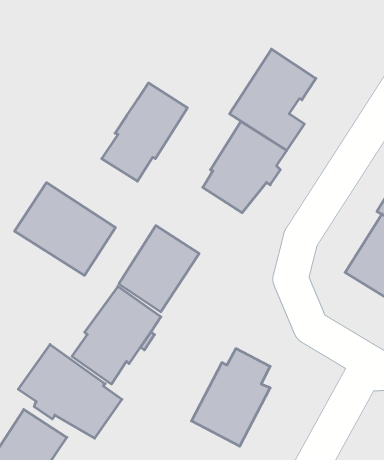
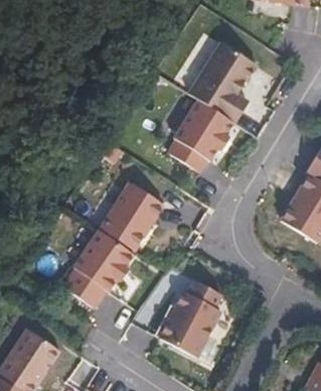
building: [102,83,187,181] -> none
building: [15,183,115,275] -> none
building: [18,344,122,438] -> none

